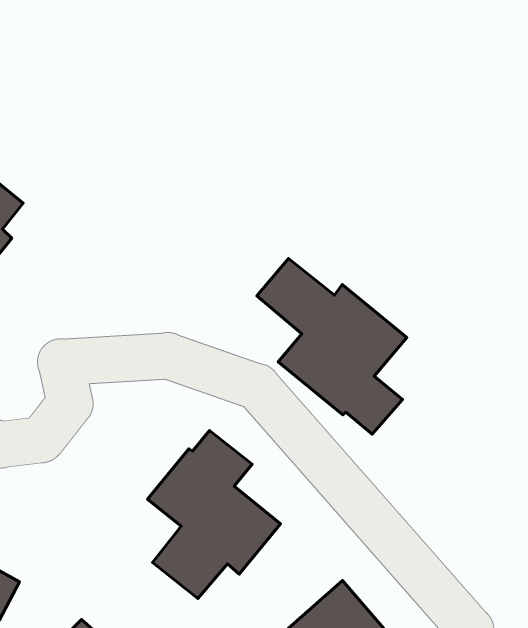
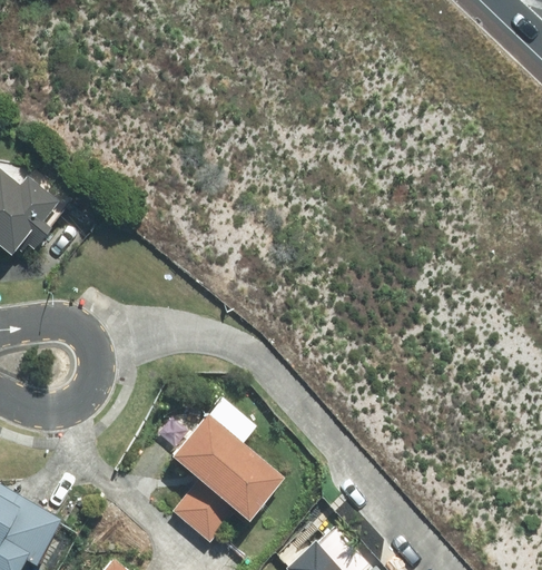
building: [257,259,407,434] -> none

